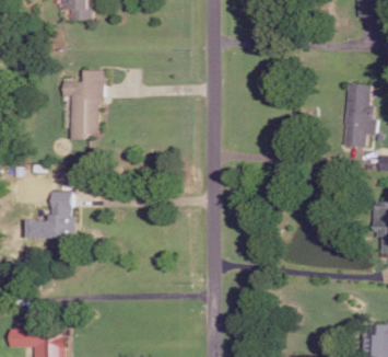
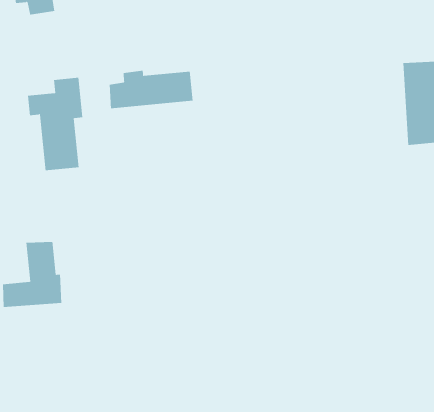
building: none -> [109,70,193,109]

